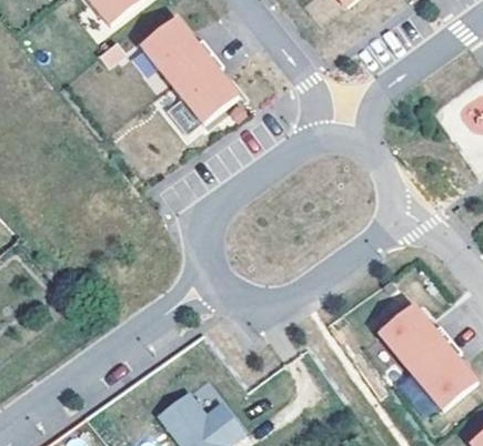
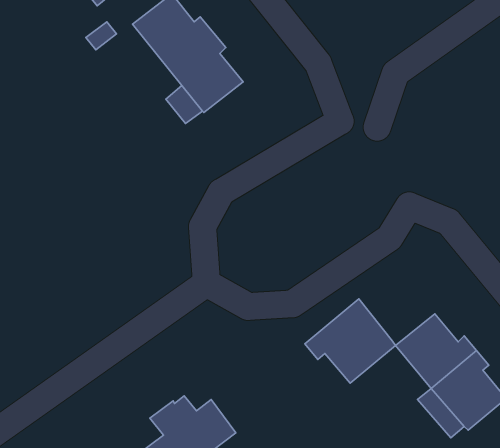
building: none -> [305,299,396,383]

